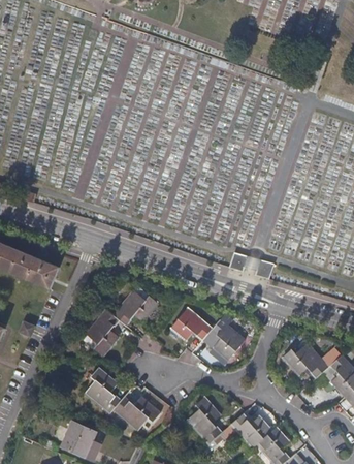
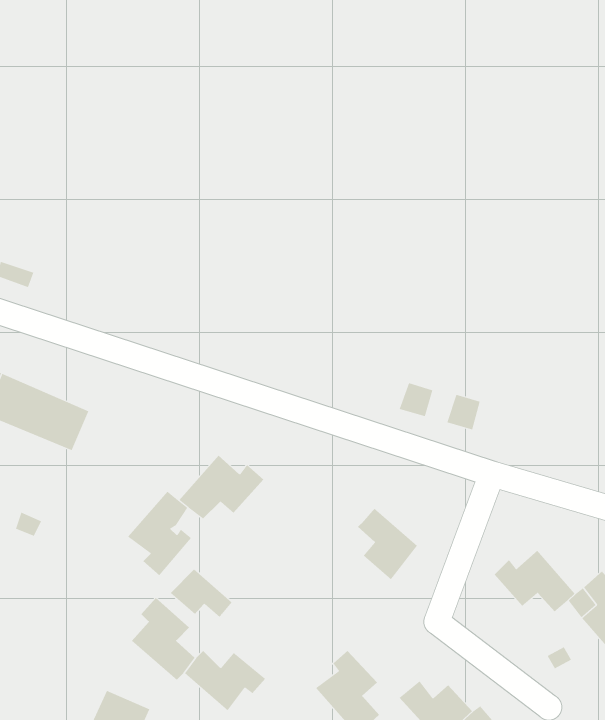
building: [167,309,211,340] -> none
building: none -> [170,569,233,618]

